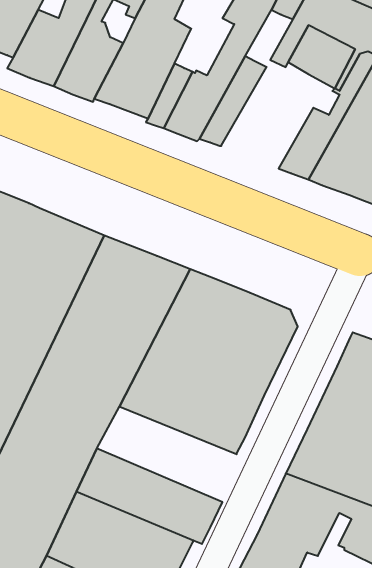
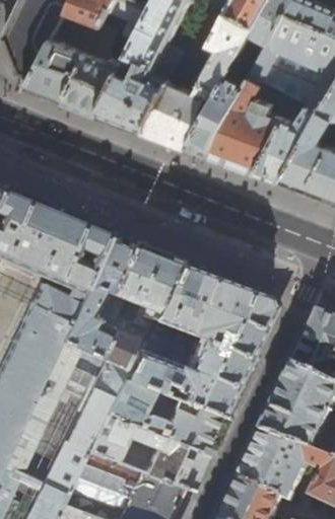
building: none -> [205,80,284,174]
building: none -> [100,374,225,455]

